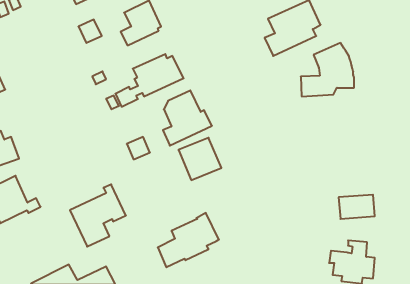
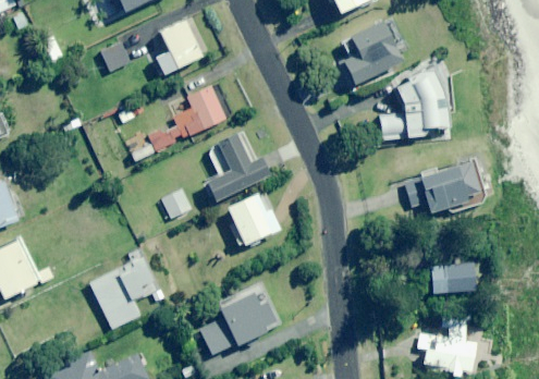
building: none -> [403,163,479,212]

